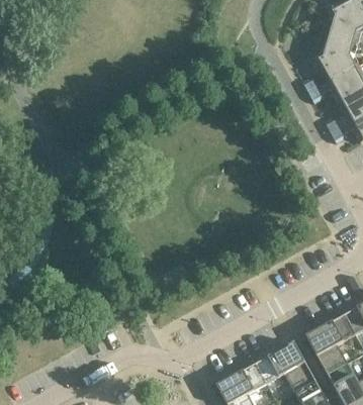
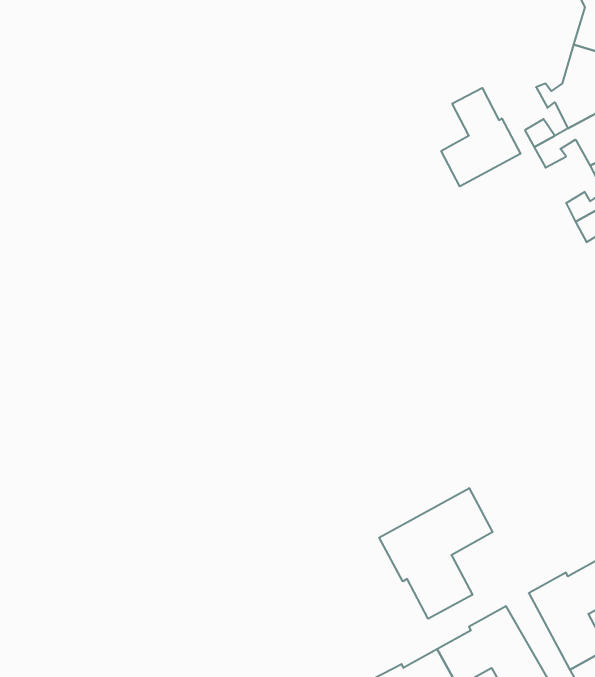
building: none -> [441,88,520,186]
building: none -> [379,488,493,619]

